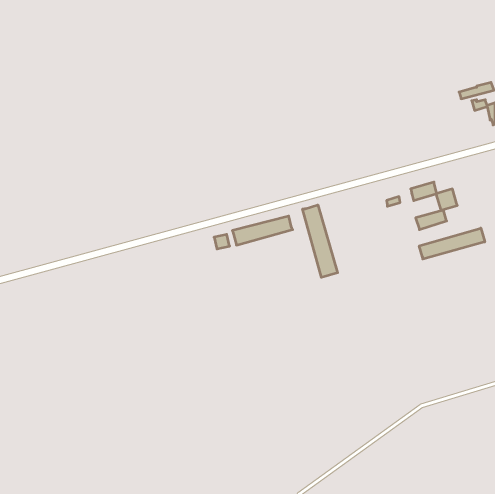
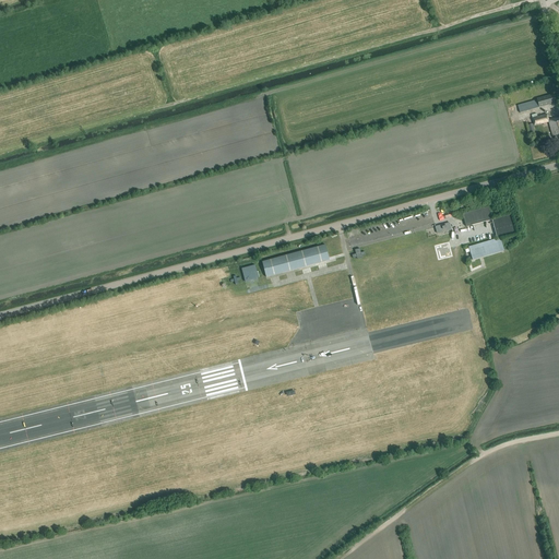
building: [303,205,338,277] -> none
building: [419,228,485,259] -> none

